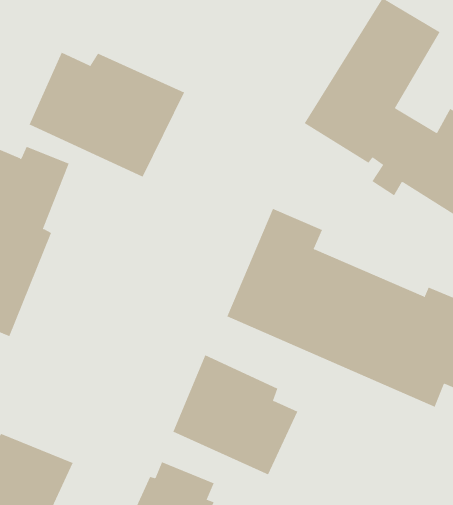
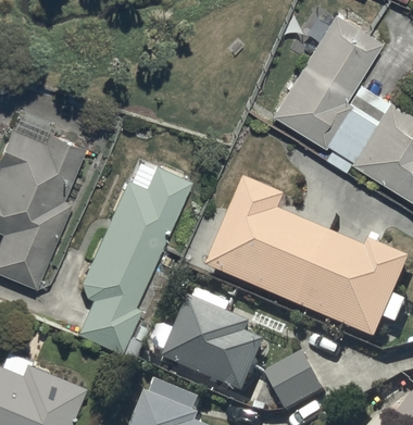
building: [29,52,185,177] -> none
building: none -> [78,166,191,351]
building: none -> [268,358,325,414]

